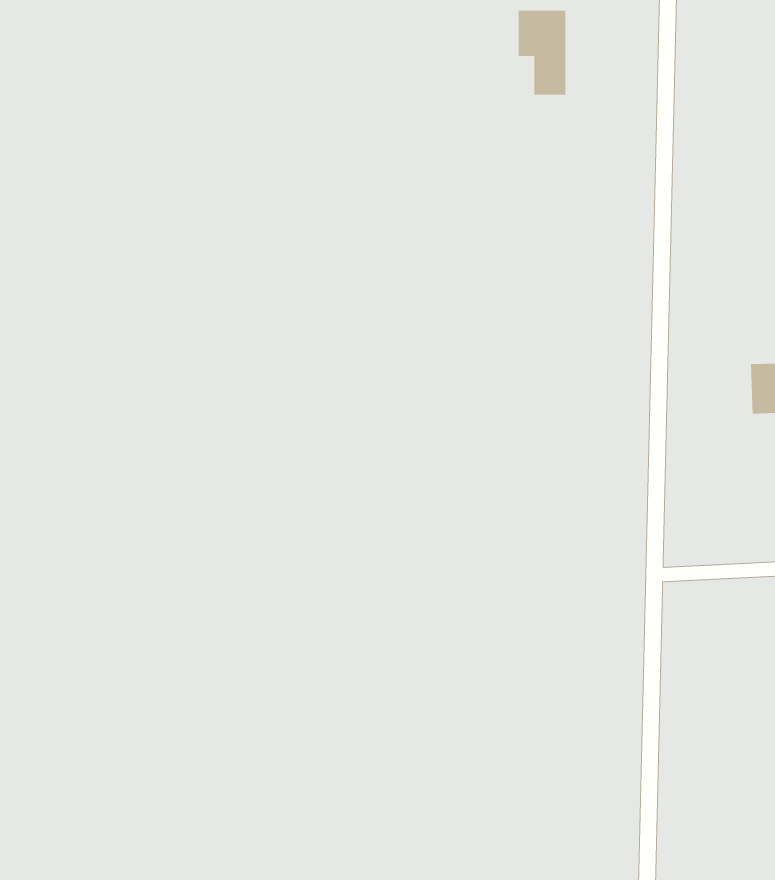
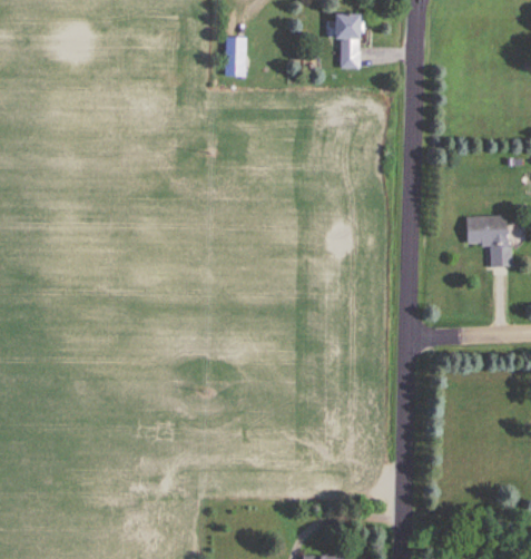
building: none -> [226,38,247,77]

